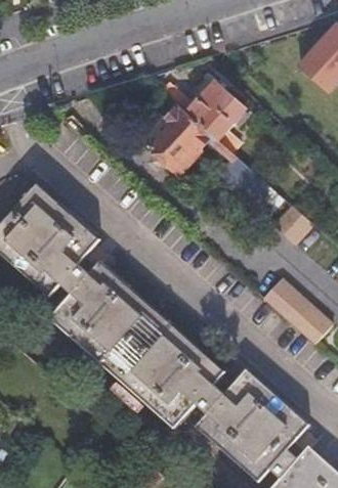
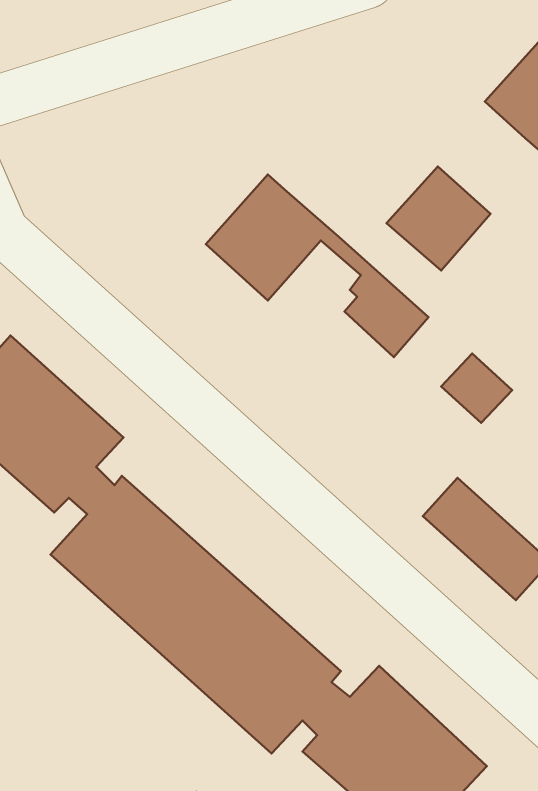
building: [186,81,245,139] -> [387,166,491,271]

